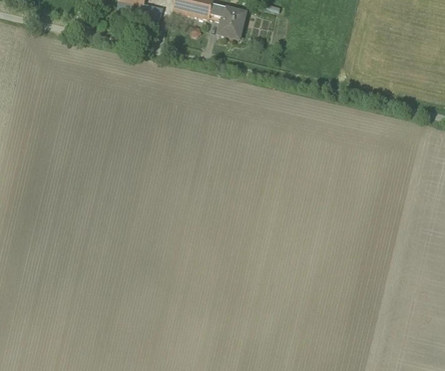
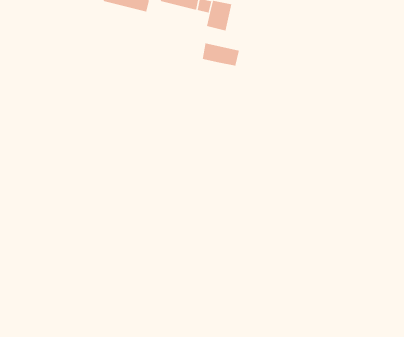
building: none -> [202,42,240,67]

